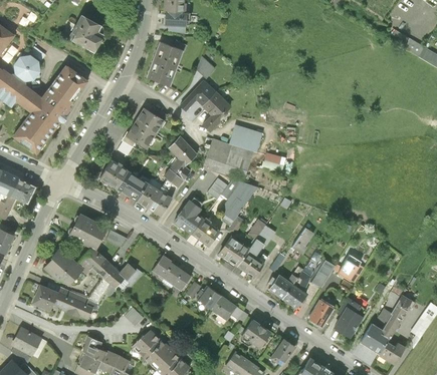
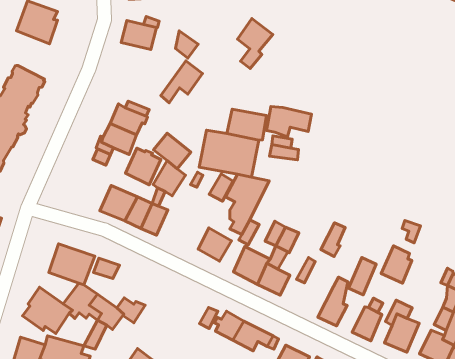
building: [147,58,176,84] -> none
building: [201,92,230,132] -> [237,19,273,69]
building: none -> [266,107,312,137]
building: [98,160,129,192] -> [125,148,161,185]
building: [174,200,203,234] -> none
building: [151,256,191,292] -> none
building: [267,275,297,302] -> none

